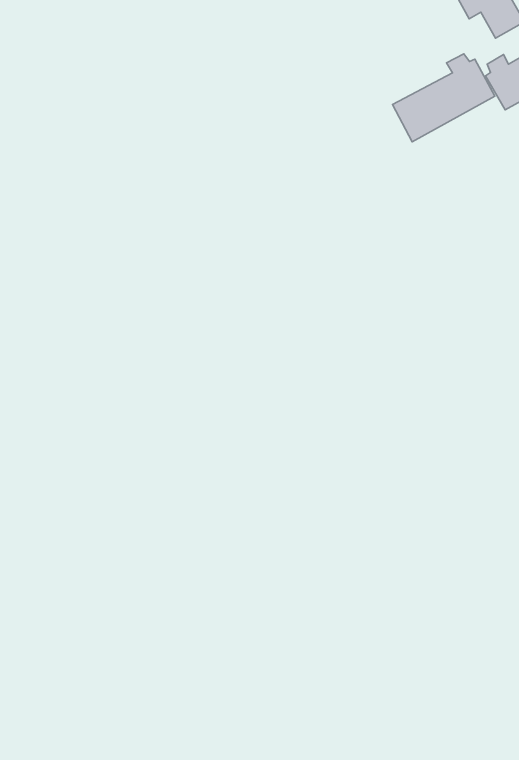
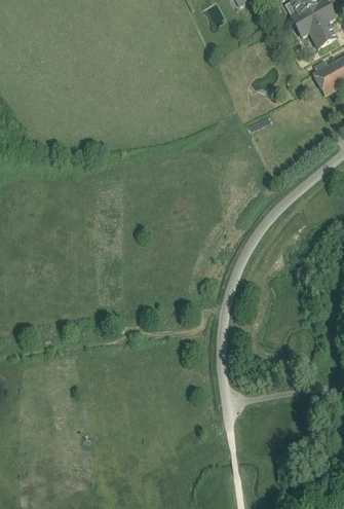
building: [392,54,495,142] -> none

